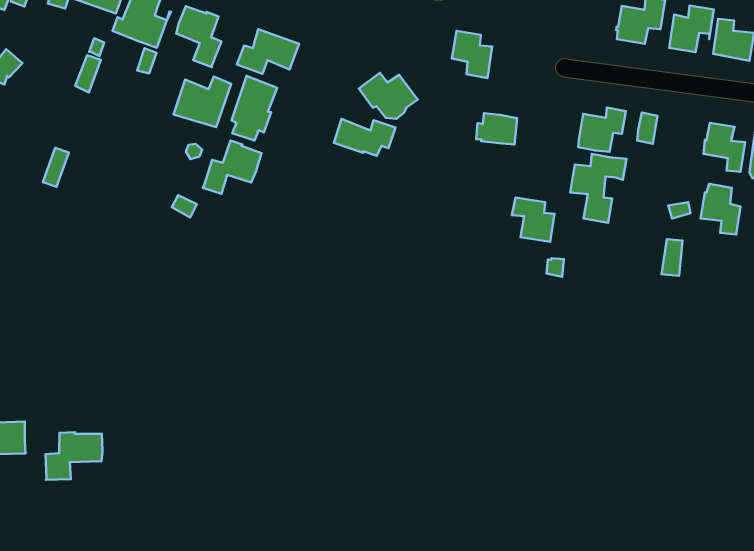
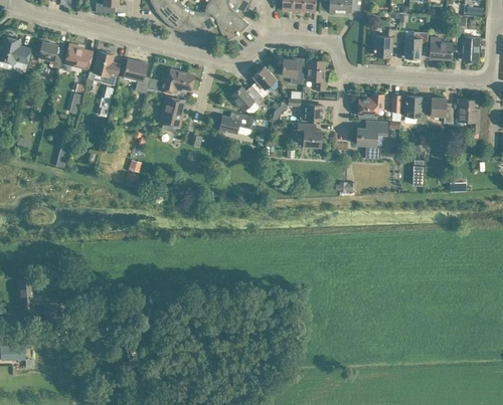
building: none -> [307,58,327,87]
building: none -> [252,64,278,96]
building: [174,77,231,127] -> none
building: [203,141,261,194] -> none
building: [700,184,741,235] -> [404,94,427,122]
building: [512,198,555,242] -> [297,122,321,145]
building: [45,432,103,480] -> none

